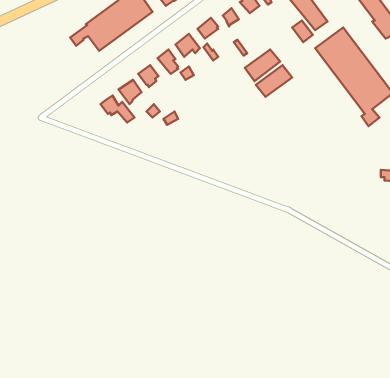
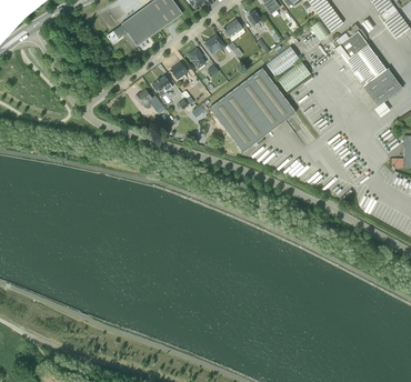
building: none -> [209,67,294,151]

